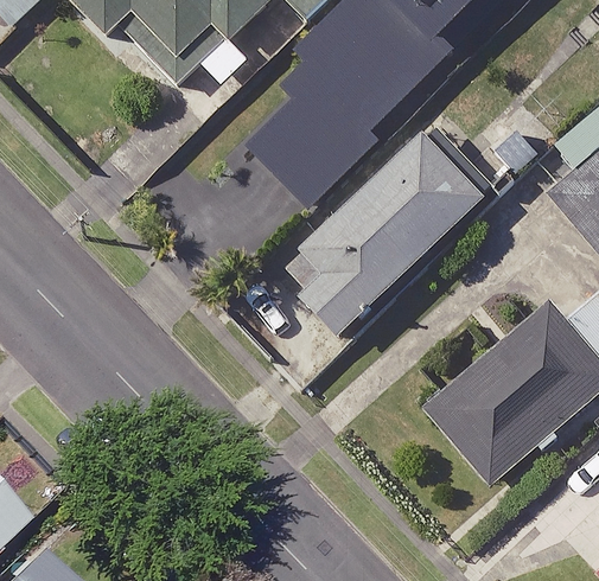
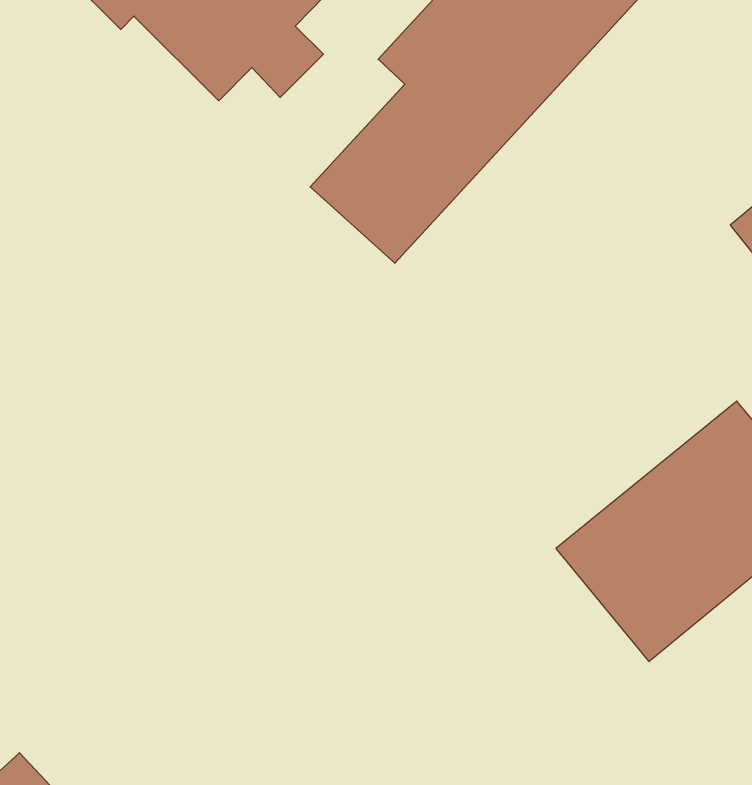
building: [278,130,485,333] -> none

